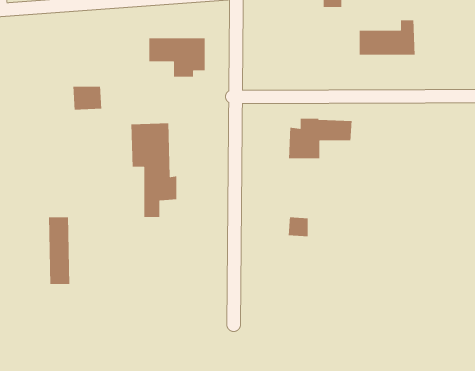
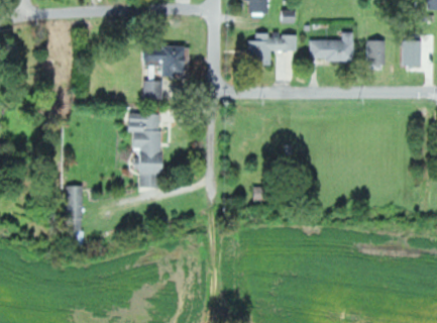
building: none -> [362,40,380,66]
building: [73,86,102,110] -> [140,81,163,100]
building: [288,118,353,159] -> [245,33,296,66]

